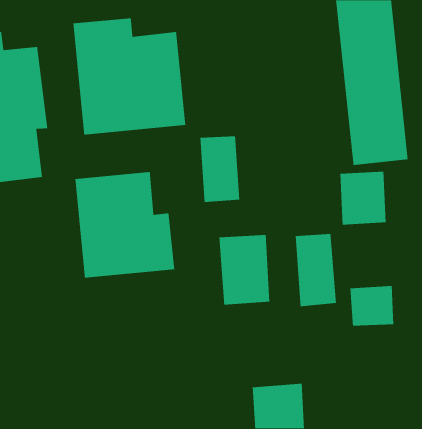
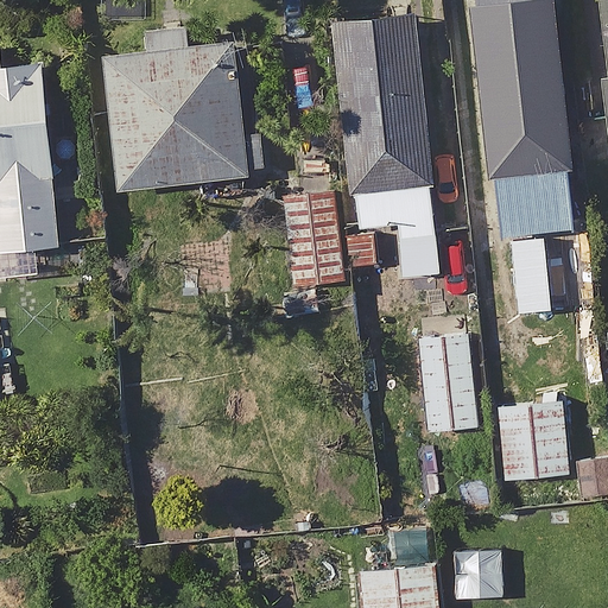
building: none -> [332,20,436,239]
building: [74,171,175,279] -> none
building: [219,234,270,305] -> none

